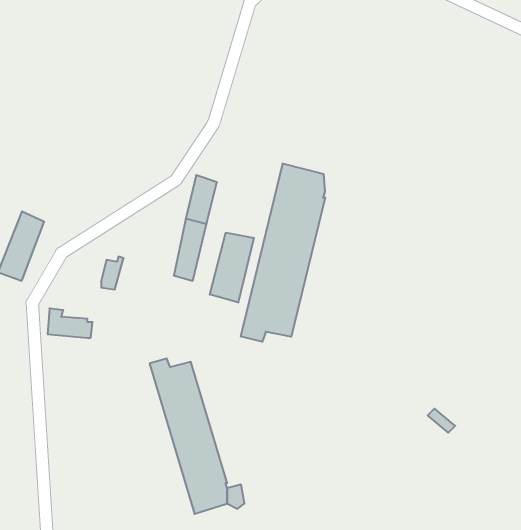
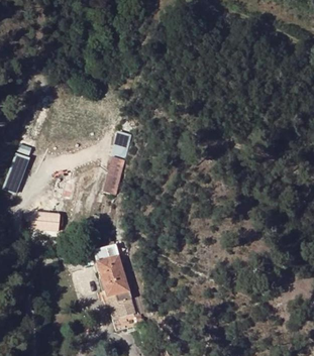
building: [241,163,325,342] -> none
building: [210,233,254,303] -> none

